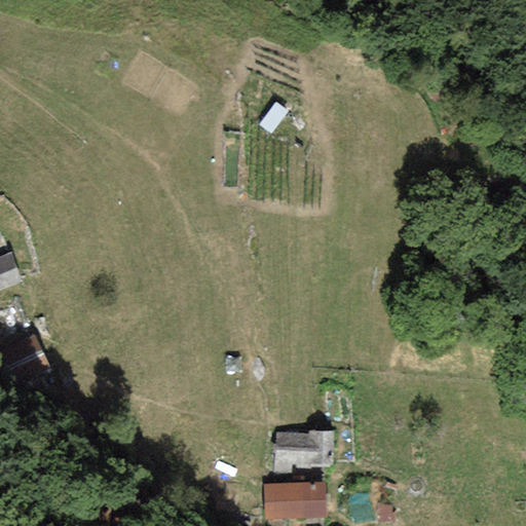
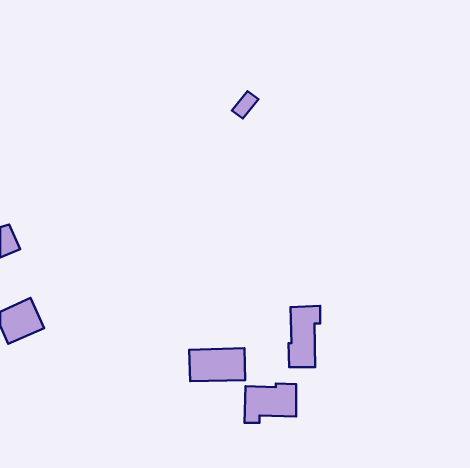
building: none -> [288,306,320,367]
building: [263,481,326,518] -> [189,348,245,381]

